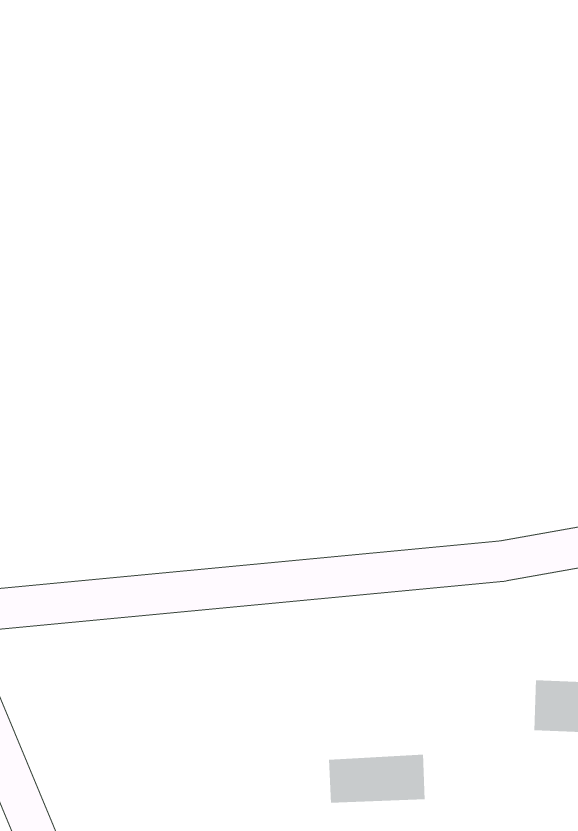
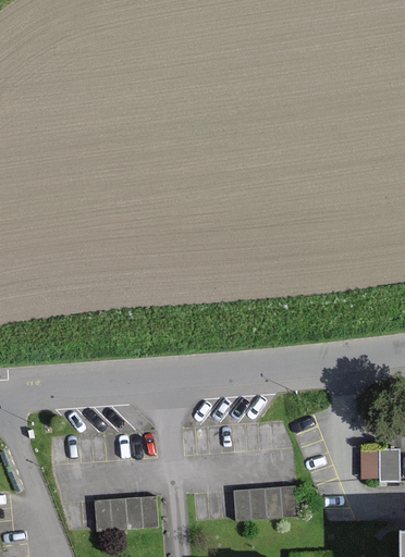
building: none -> [95,499,156,529]

